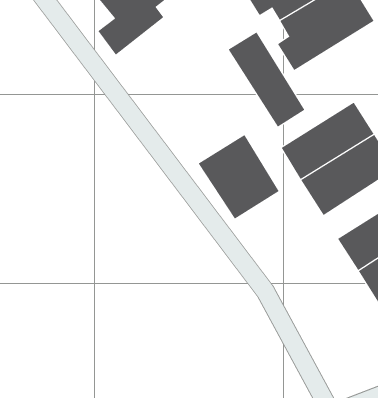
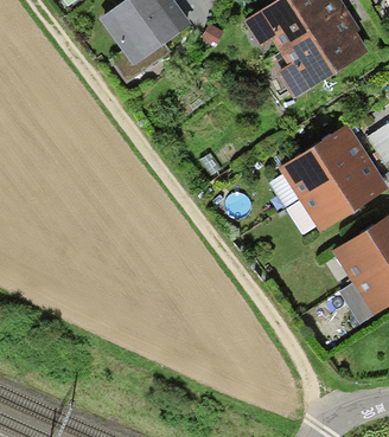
building: [228,31,305,127] -> none
building: [198,134,280,219] -> none

